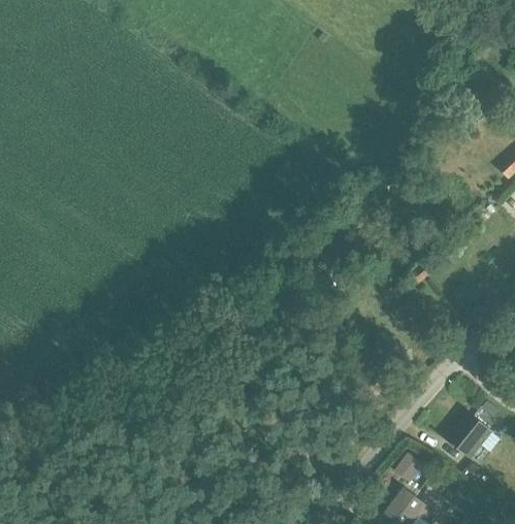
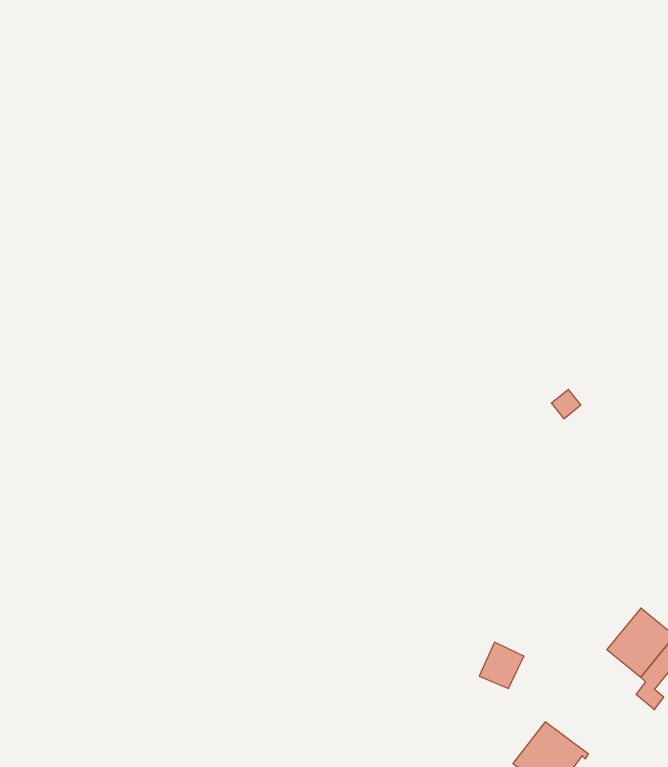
building: [395,450,425,481] -> [479,642,524,688]

